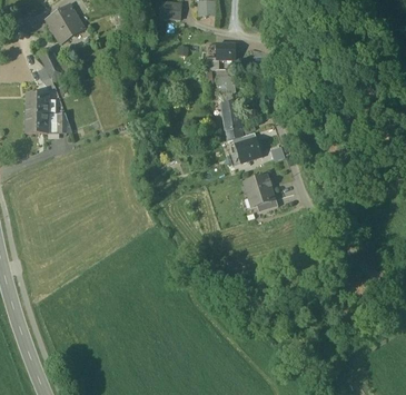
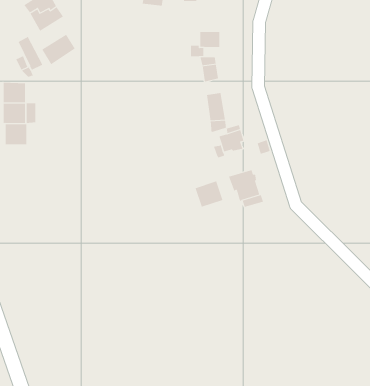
building: none -> [41,34,75,65]
building: none -> [5,123,27,145]
building: none -> [195,180,223,208]

